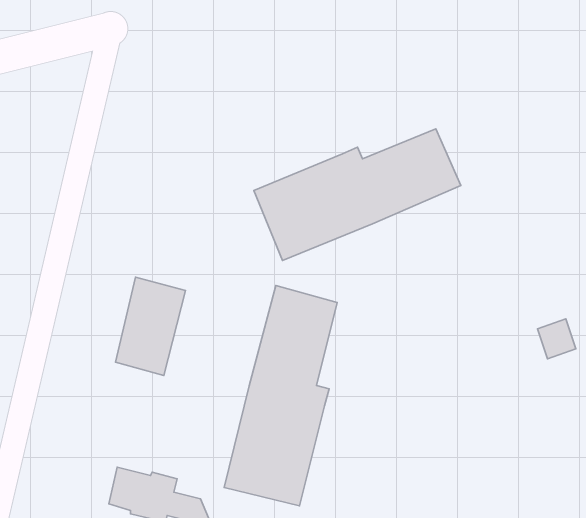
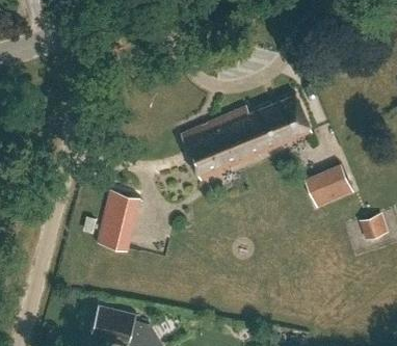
building: none -> [305,163,352,207]
building: [224,286,337,506] -> none

